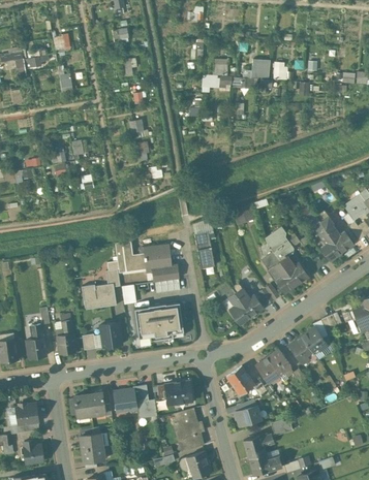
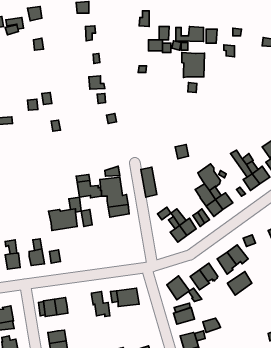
building: none -> [182,52,204,77]
building: [137,305,184,342] -> none
building: [99,323,122,348] -> none
building: none -> [227,272,252,295]
building: [113,390,136,412] -> none
building: [174,409,204,450] -> none

